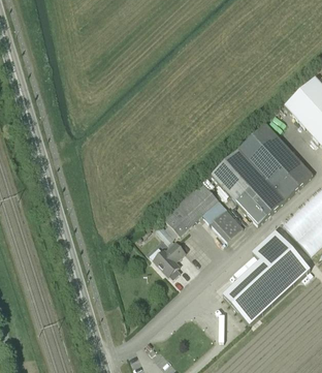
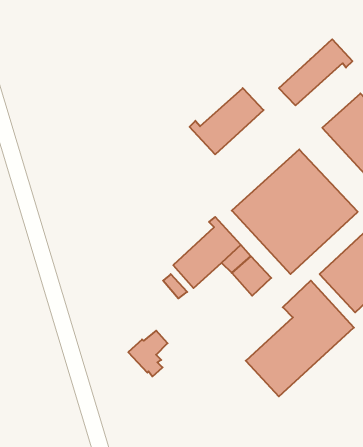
building: none -> [279,39,352,105]
building: none -> [190,88,264,154]
building: [153,242,185,279] -> [128,331,168,376]

